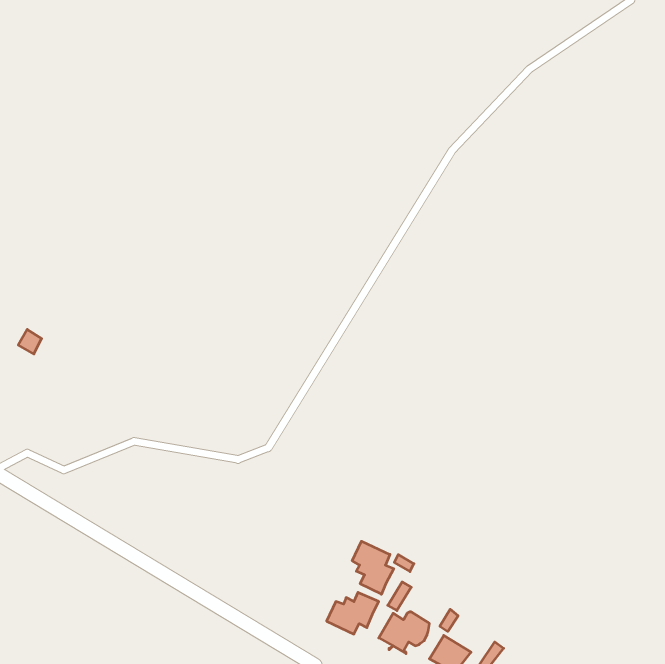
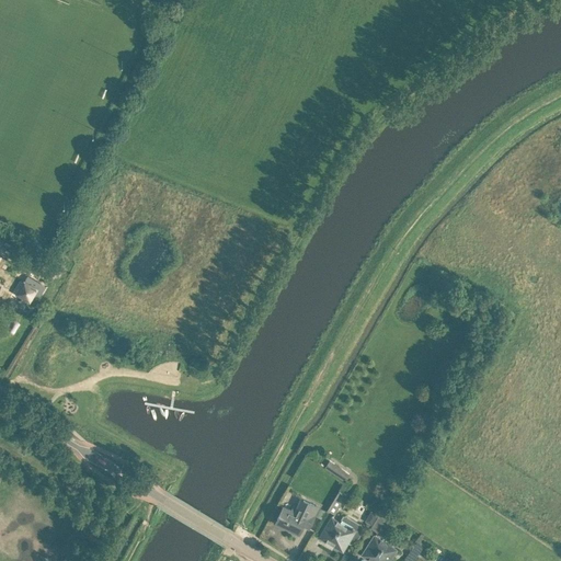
building: [352,541,394,594] -> none

